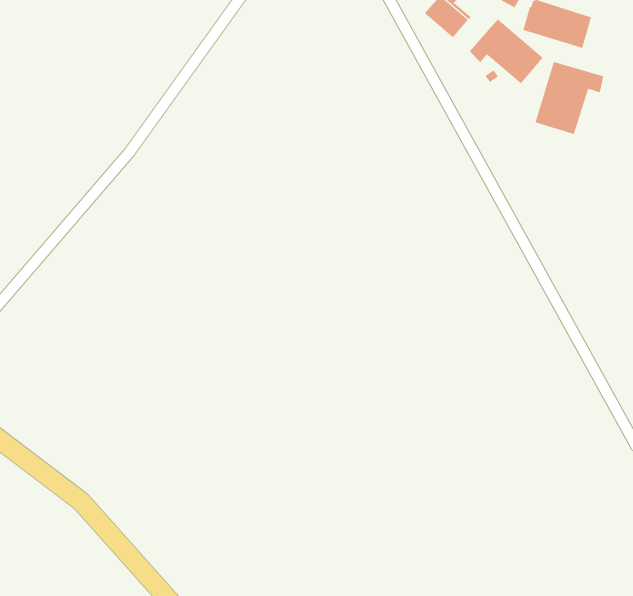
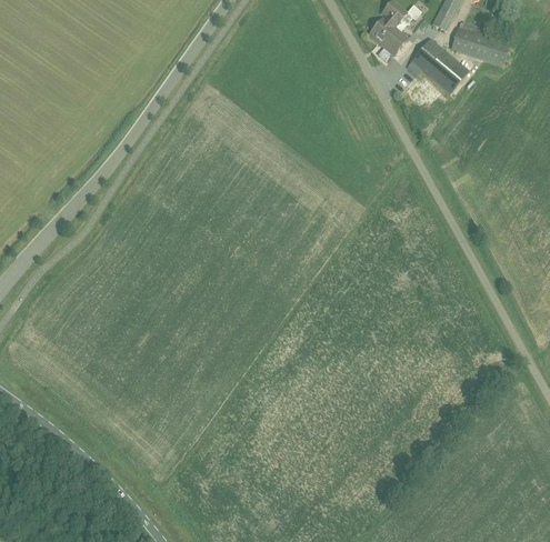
building: [535,61,604,135] -> none

